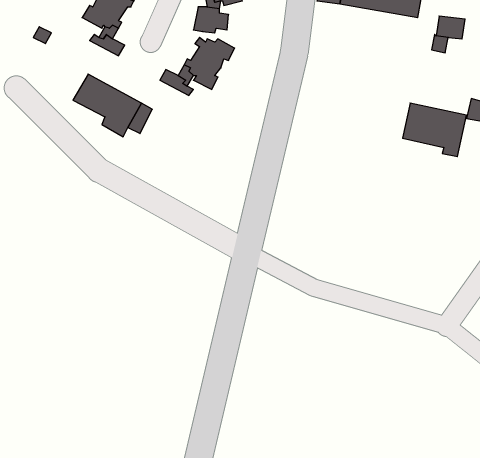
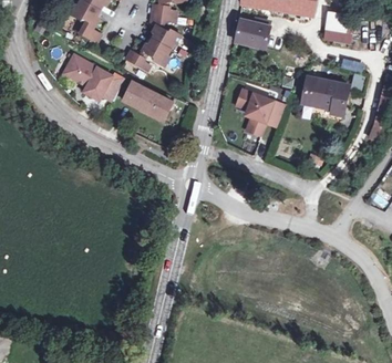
building: none -> [238,19,269,48]
building: none -> [123,81,173,120]
building: none -> [238,89,287,134]

